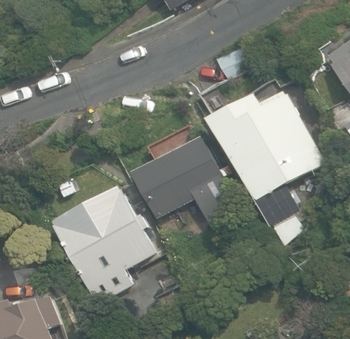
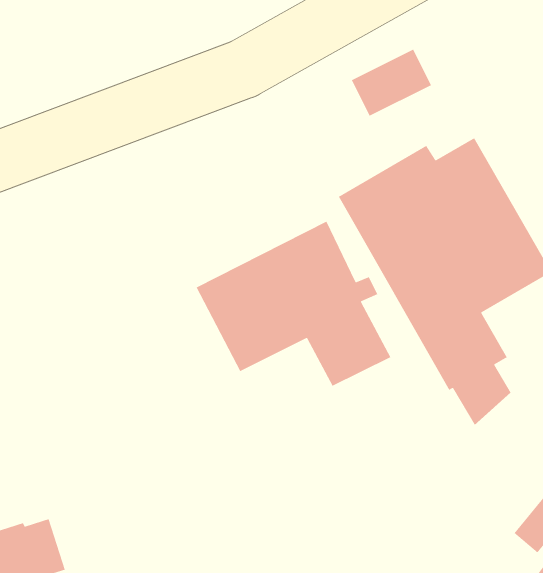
building: [50,184,156,302] -> none

